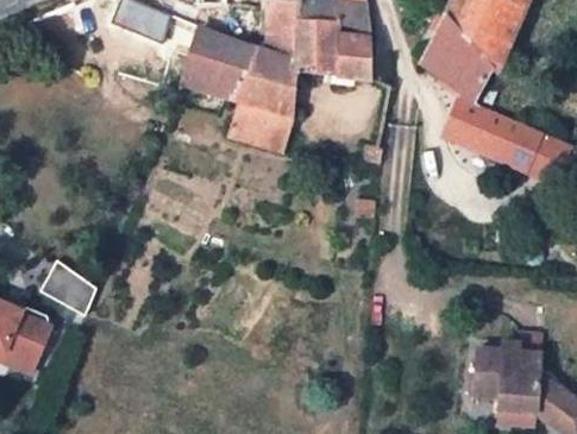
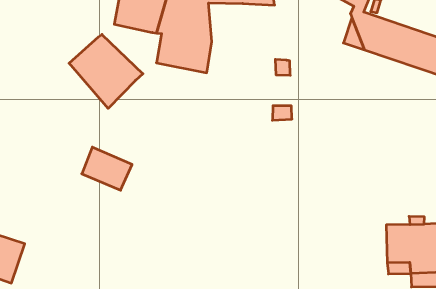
building: none -> [69,34,143,108]
building: [42,260,101,314] -> [82,147,132,190]

